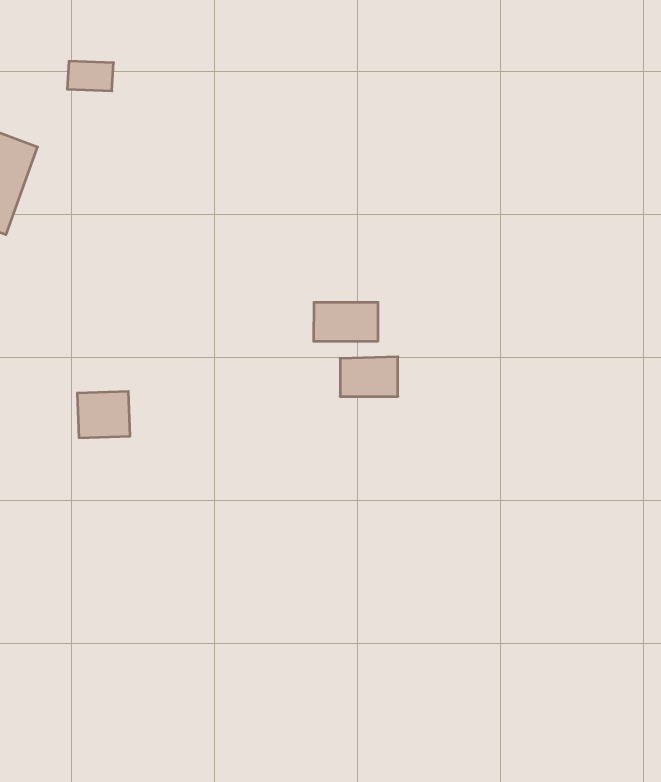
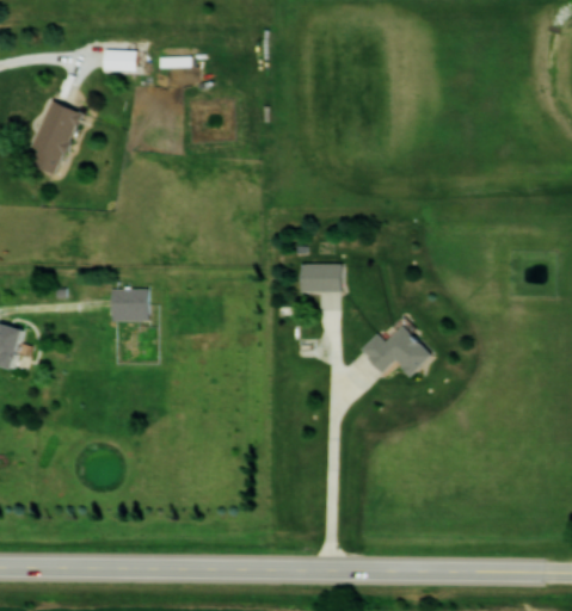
building: [314,302,378,341] -> none
building: none -> [359,326,431,377]

